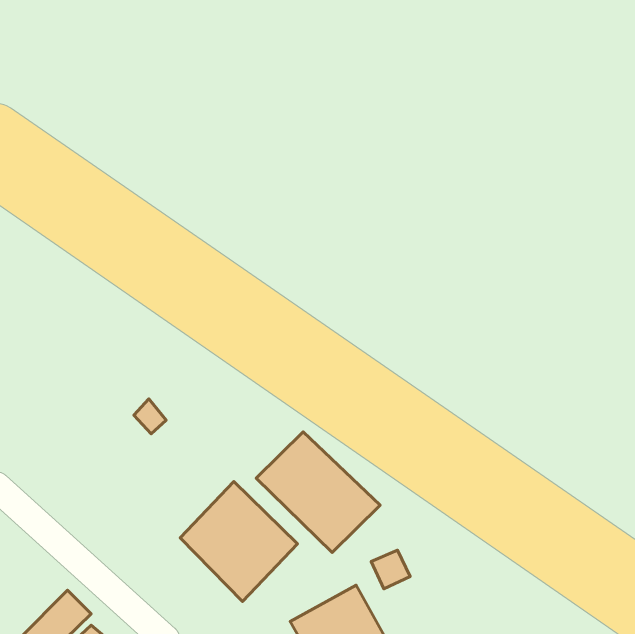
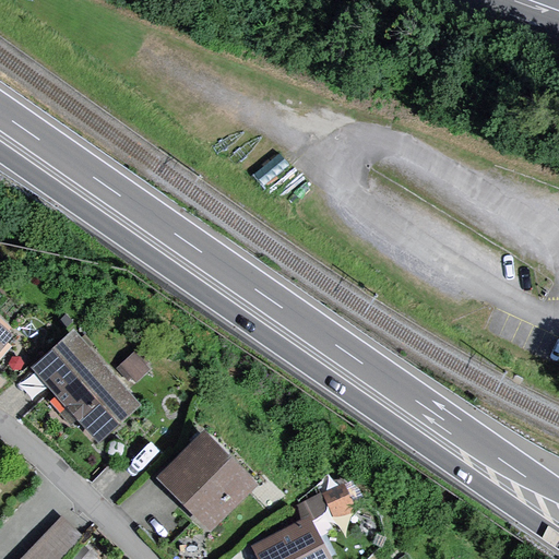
building: none -> [31,337,131,440]
building: [256,432,380,552] -> none

